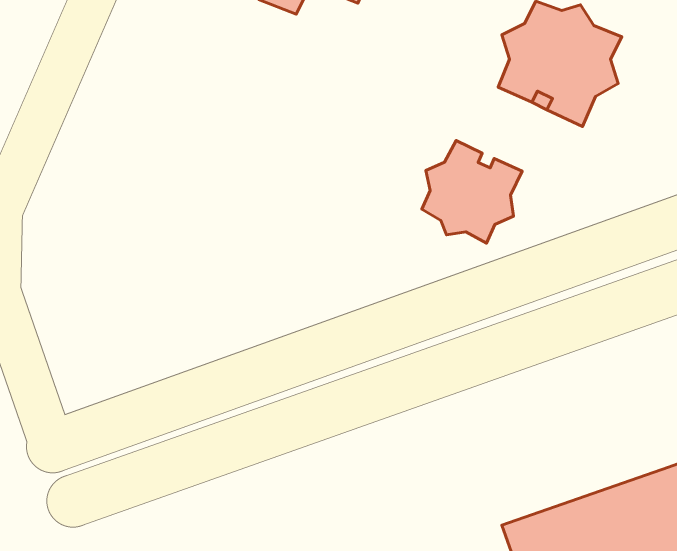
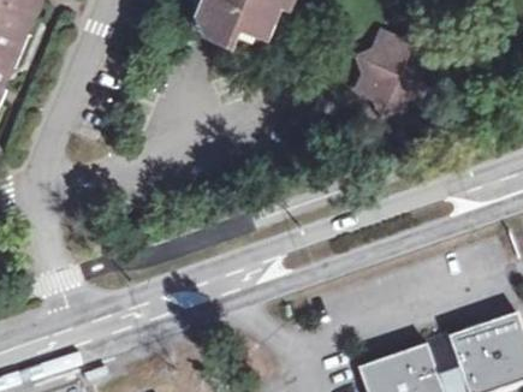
building: [422,140,522,243] -> none

